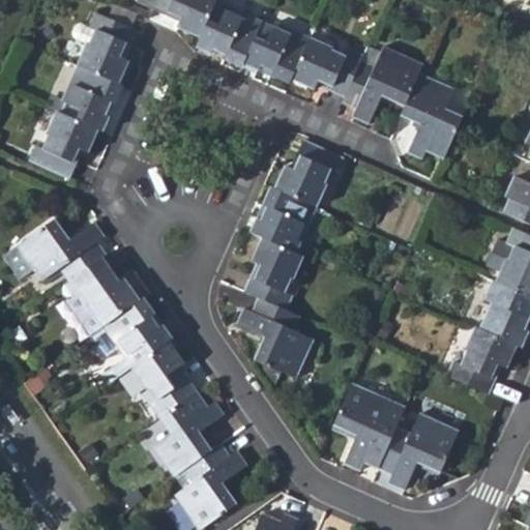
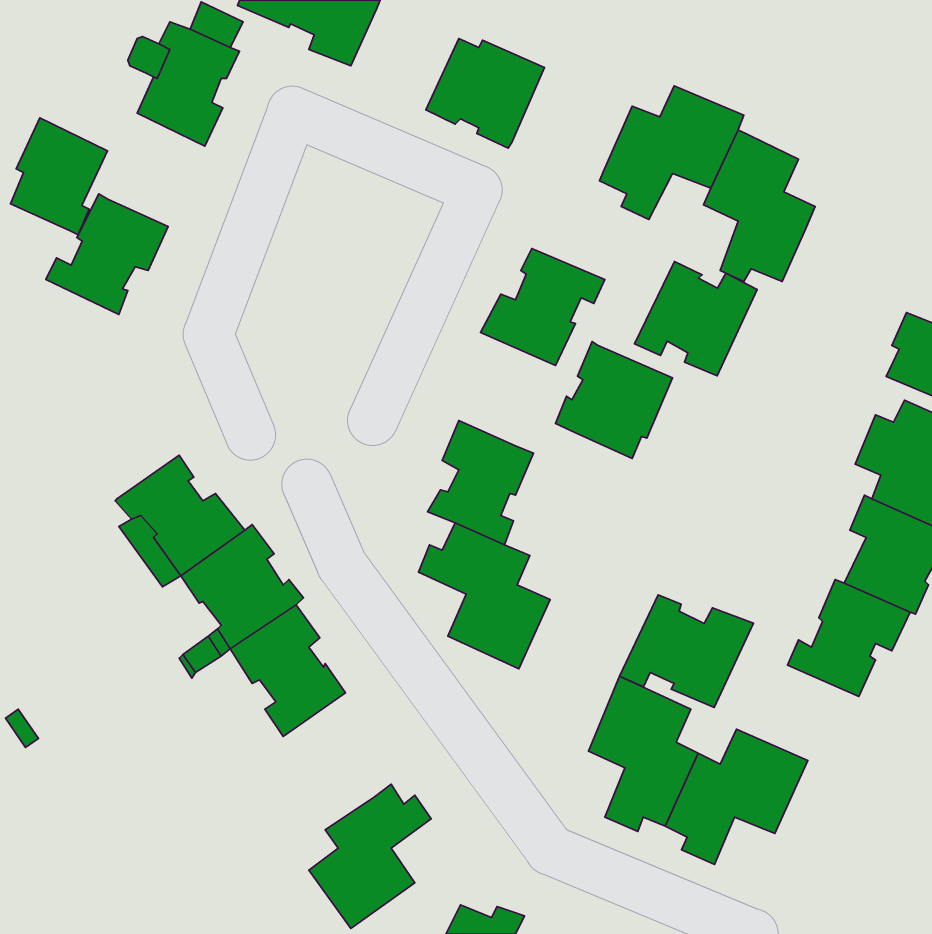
building: [195,5,261,67] -> none
building: [291,38,362,97] -> none
building: [62,64,117,130] -> [11,118,107,235]
building: none -> [635,262,757,376]
building: [249,186,316,253] -> [556,341,673,458]
building: [17,220,107,283] -> none
building: none -> [619,595,753,708]
building: [153,392,223,477] -> none

